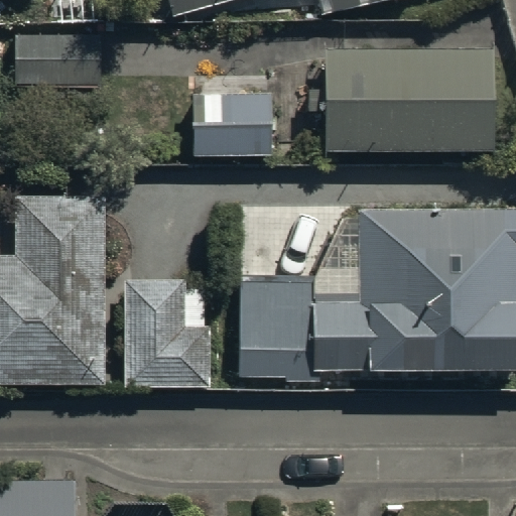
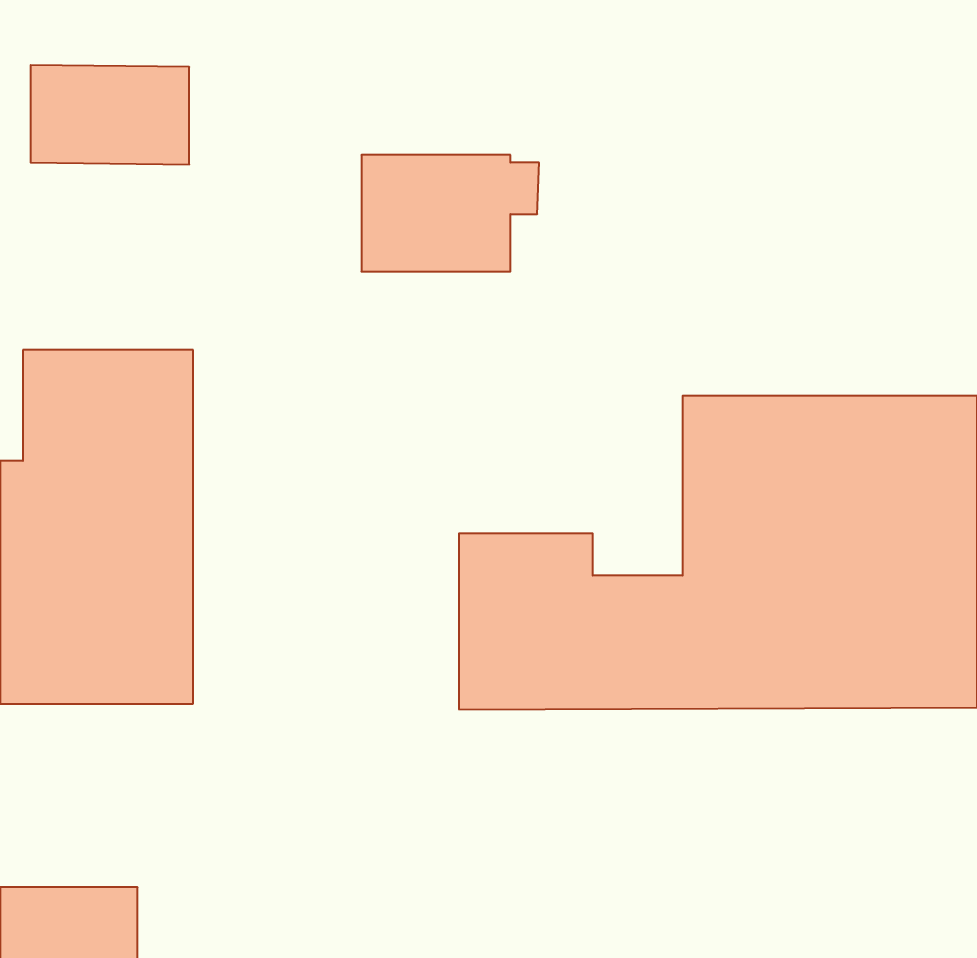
building: [321,45,490,148] -> none
building: [123,279,212,386] -> none

